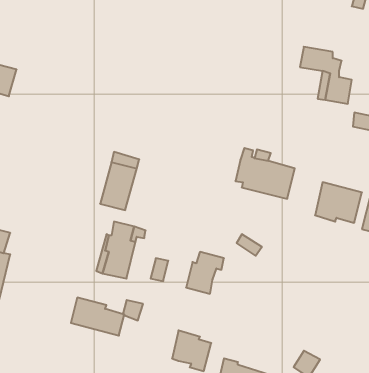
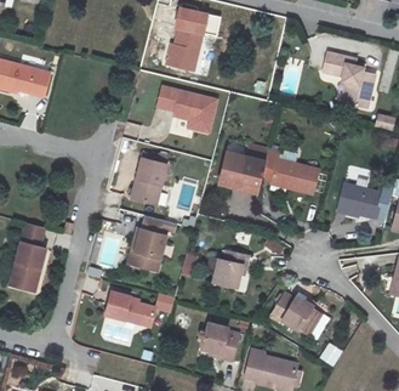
building: none -> [166,15,203,69]
building: none -> [158,87,217,132]
building: none -> [223,149,267,192]
building: none -> [275,293,314,332]

